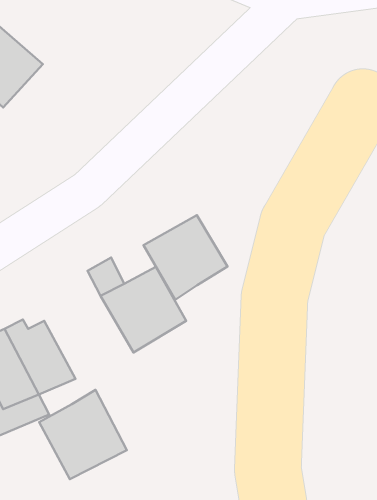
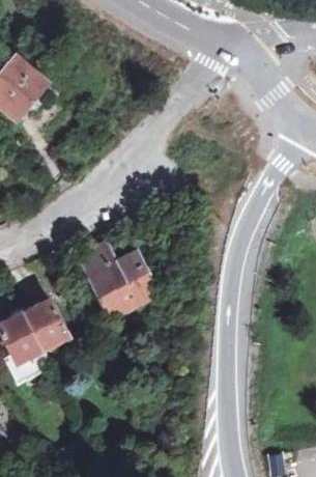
building: [143,215,228,300] -> none
building: [39,390,127,479] -> none

